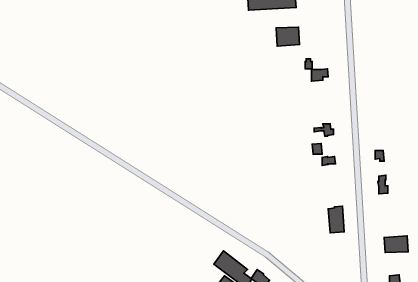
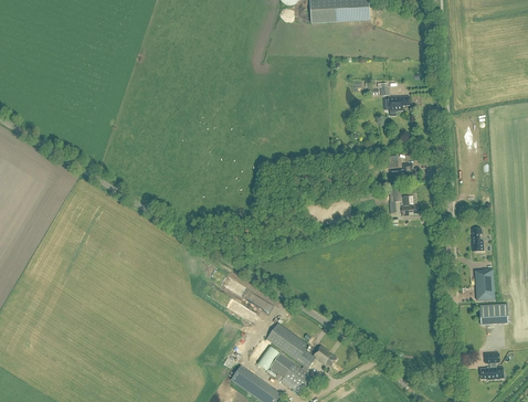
building: [276,27,300,46] -> none
building: [328,206,344,233] -> [474,267,494,300]

